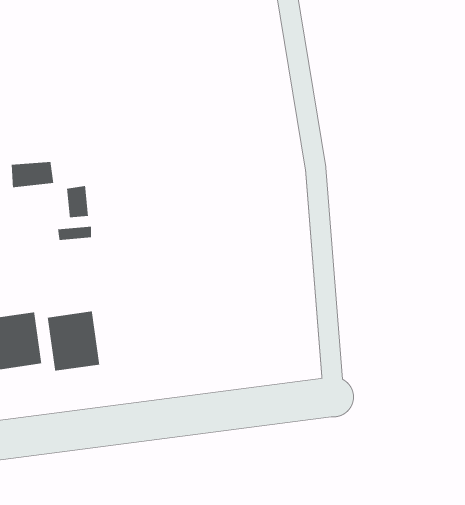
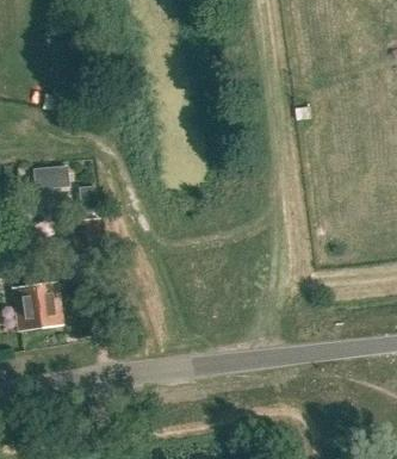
building: [47,311,100,372] -> none

